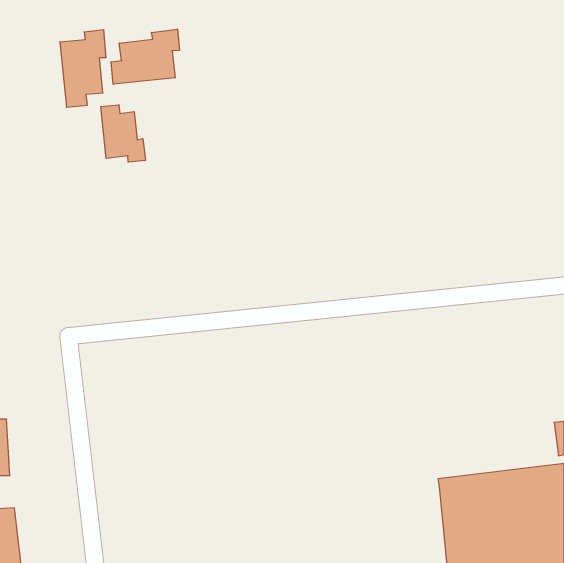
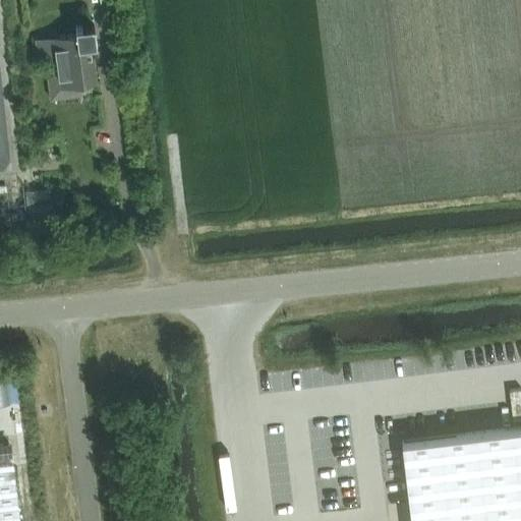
building: [111,29,179,84] -> none
building: [101,105,145,162] -> none

